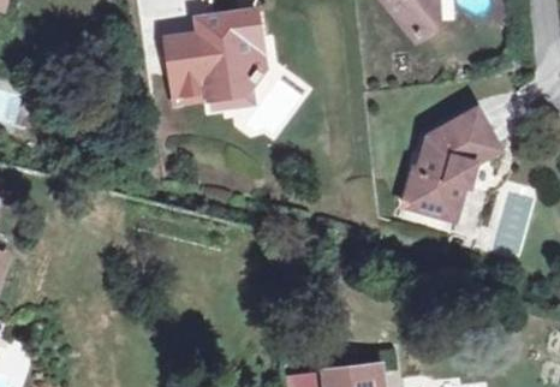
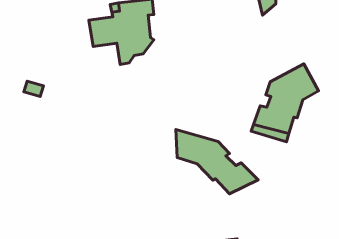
building: none -> [176,130,258,194]

